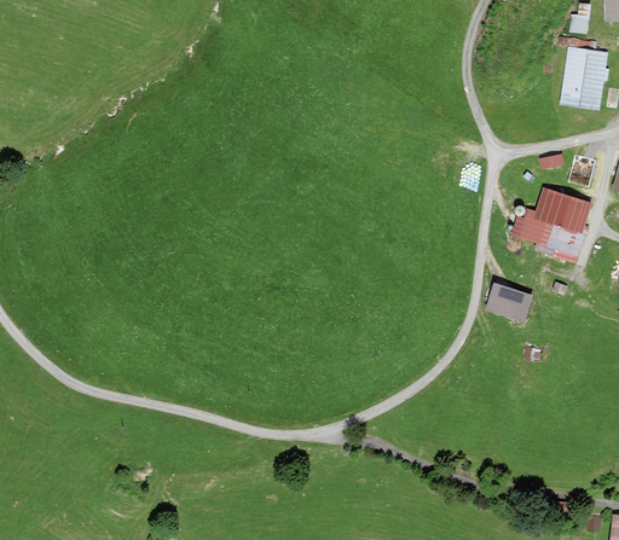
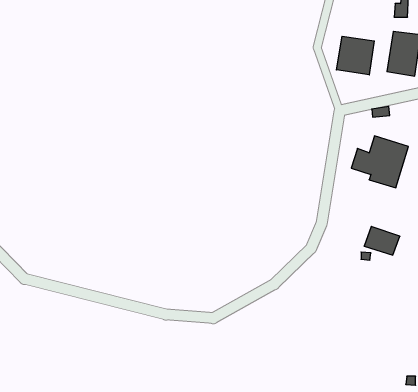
building: none -> [336,36,374,75]
building: [485,283,533,321] -> [364,226,400,255]

